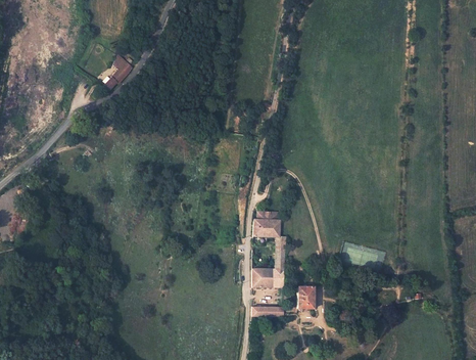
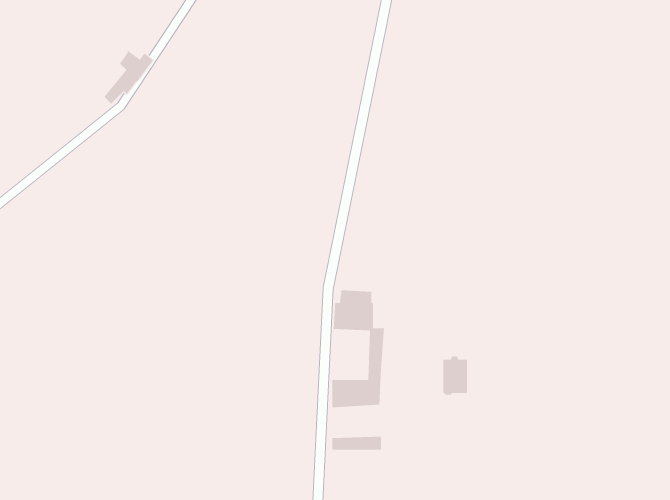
building: [297,283,314,309] -> [443,356,468,395]

